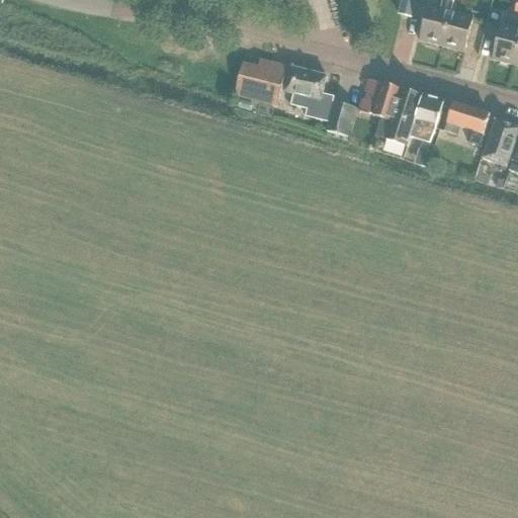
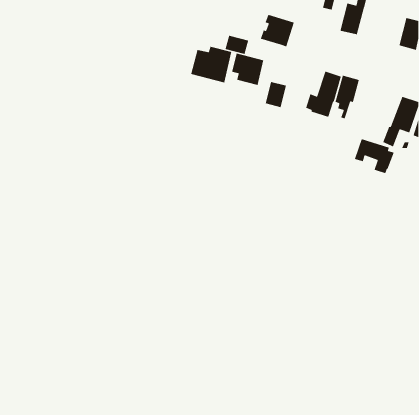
building: [441,9,473,50] -> none
building: none -> [225,35,249,55]
building: [357,77,401,118] -> [260,14,295,47]
building: [444,101,495,146] -> [354,138,395,174]

